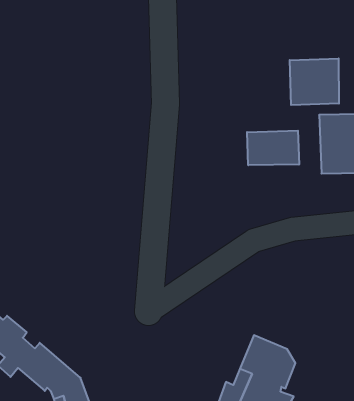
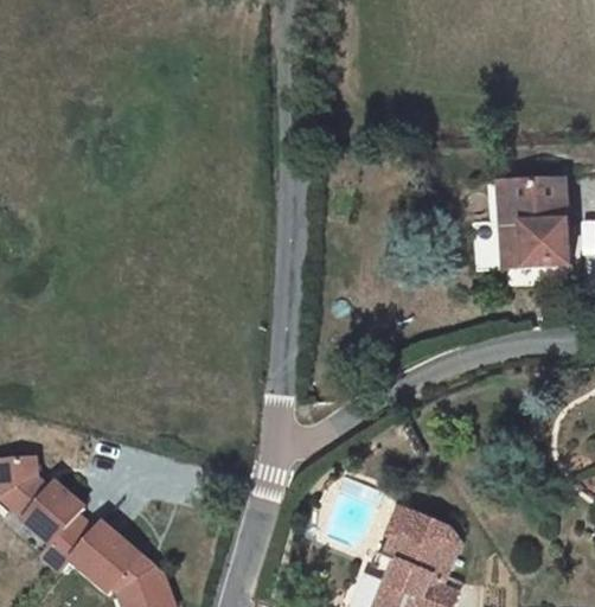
building: [290,58,339,105] -> none
building: [247,131,299,165] -> none

